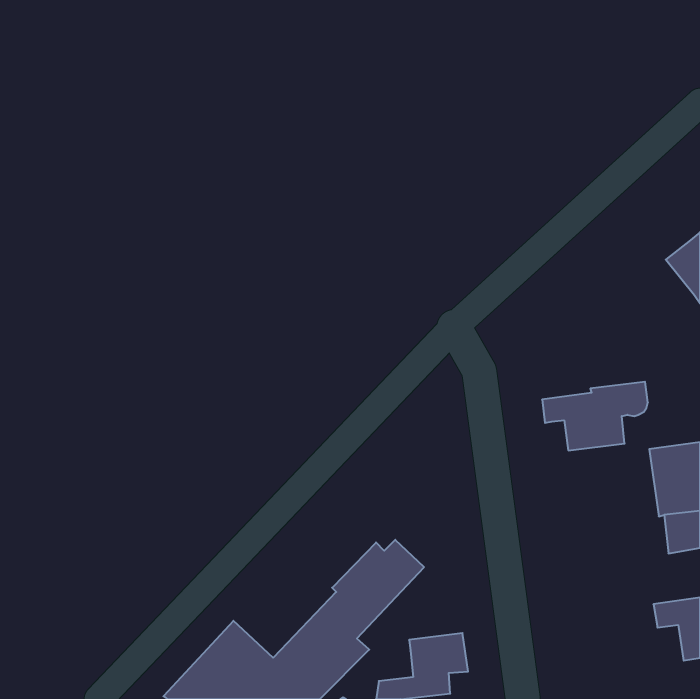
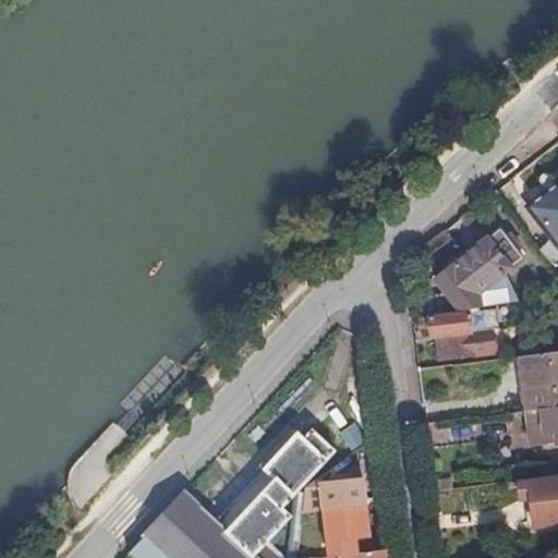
building: none -> [423,229,524,314]
building: none -> [304,480,367,510]

